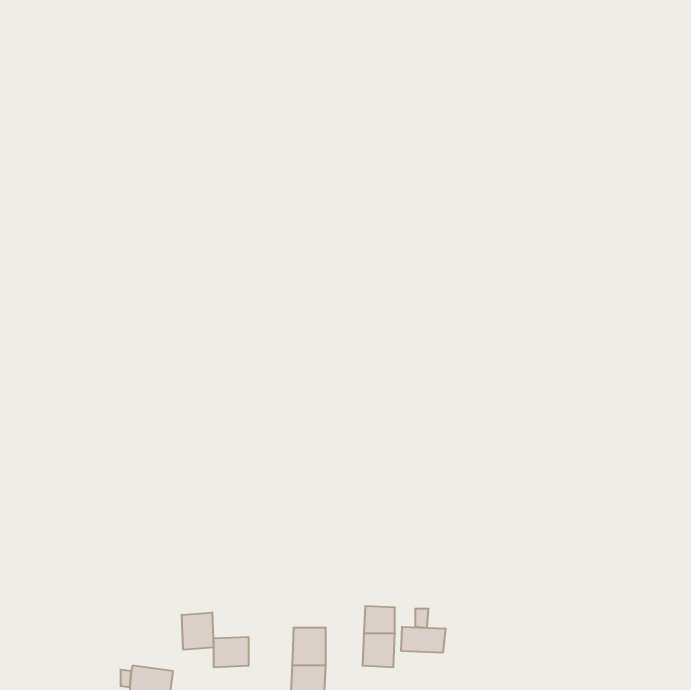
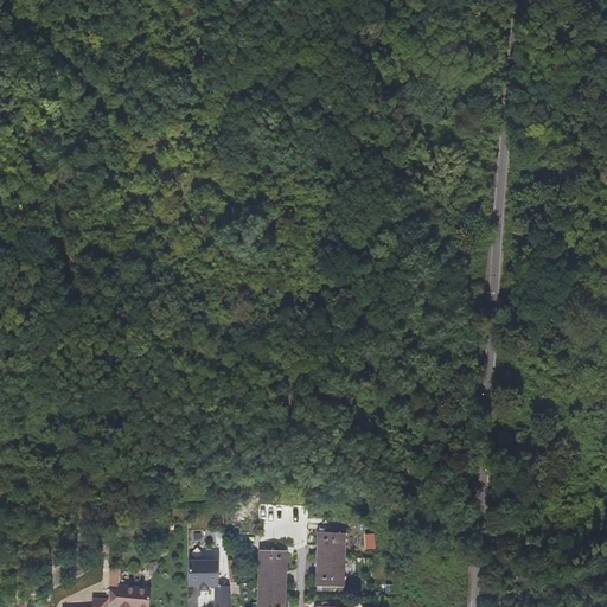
building: [182,612,214,650] -> none
building: [401,627,445,653] -> none

